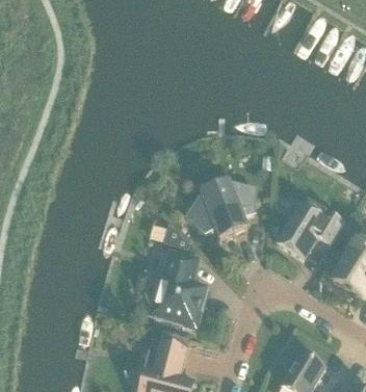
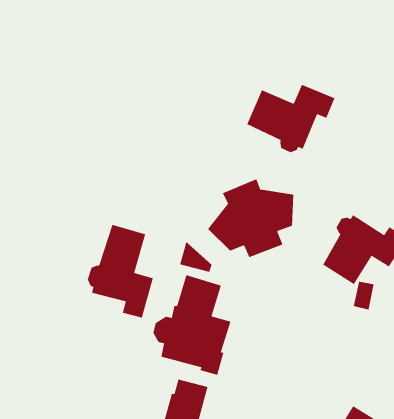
building: none -> [246,84,335,153]
building: none -> [87,224,154,319]

